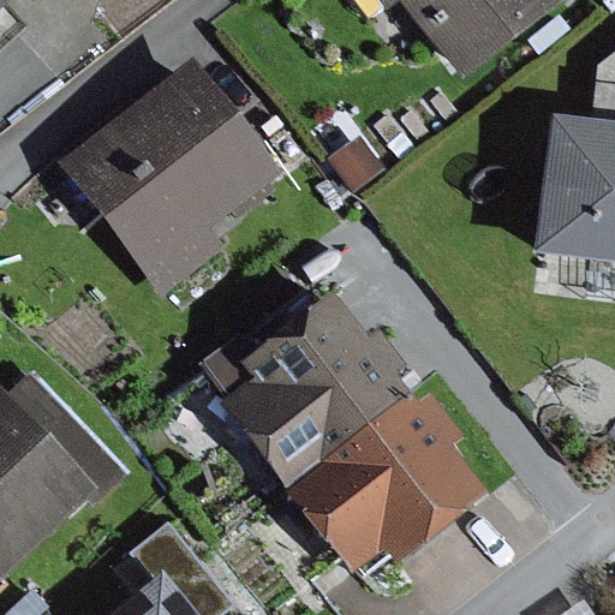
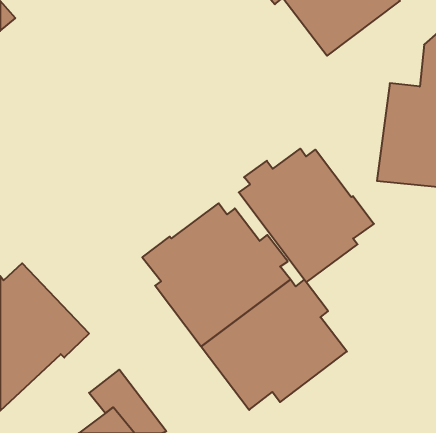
building: [56,58,280,295] -> none
building: none -> [239,149,374,282]

